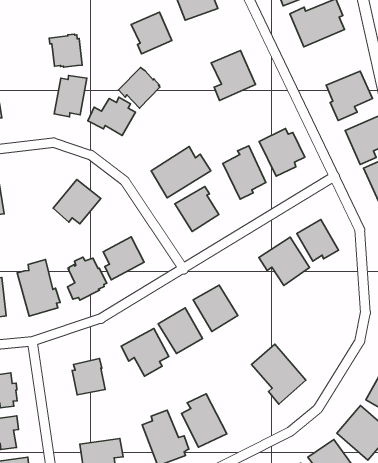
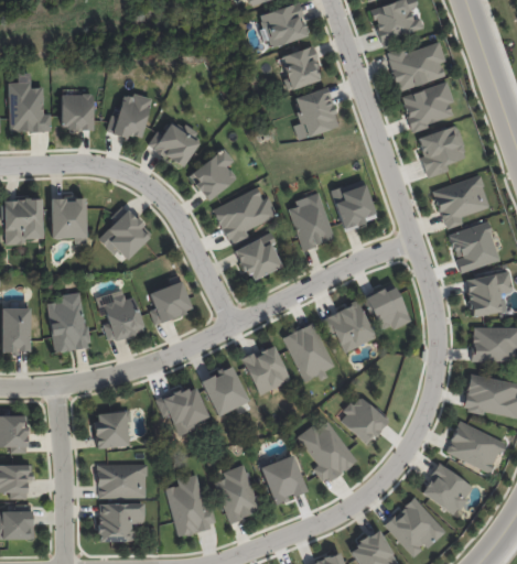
building: [131,12,172,54] -> [279,46,322,90]
building: none -> [401,83,453,129]
building: [49,34,82,67] -> [65,94,98,129]
building: [118,67,160,108] -> [193,154,239,199]
building: none -> [50,198,86,242]
building: none -> [282,323,332,383]
building: none -> [336,393,387,444]
building: none -> [259,455,306,505]
building: none -> [96,464,146,498]

